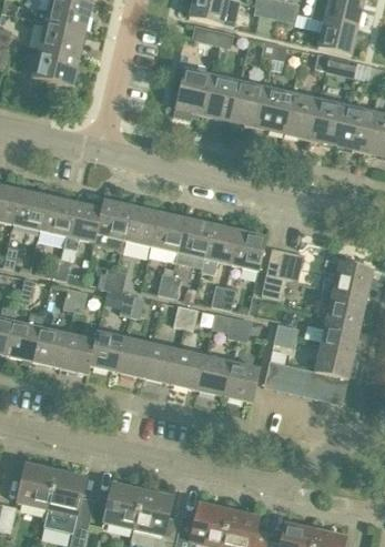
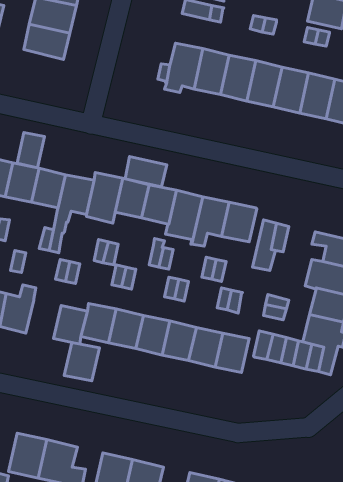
building: none -> [17,132,44,168]
building: none -> [125,157,167,187]
building: [33,327,69,366] -> [64,342,99,381]

